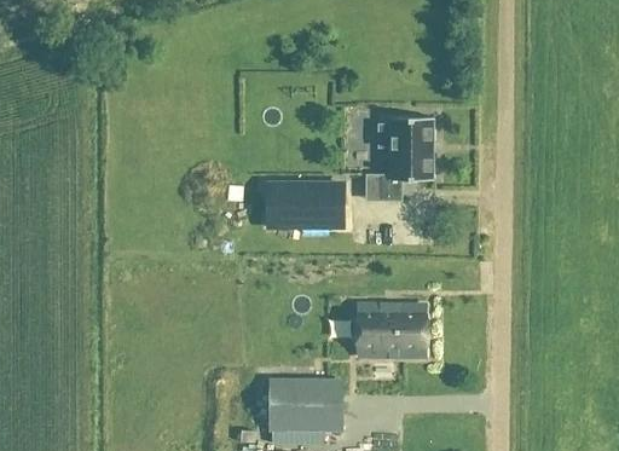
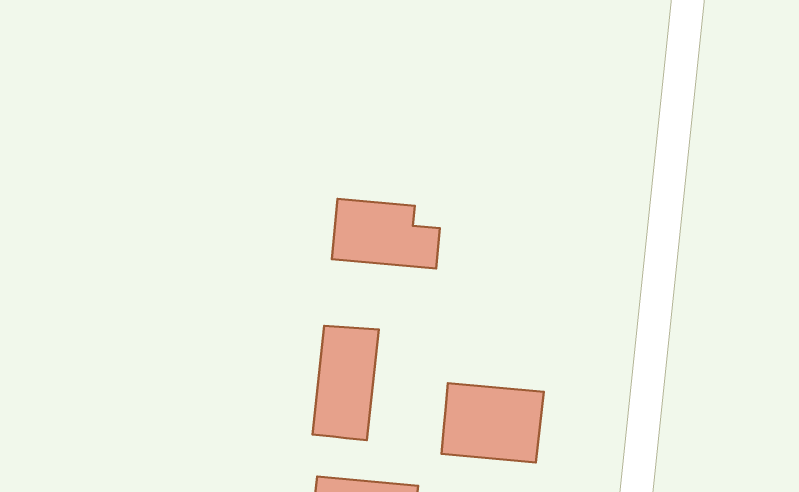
building: [378,118,432,201] -> none
building: none -> [312,326,379,440]

